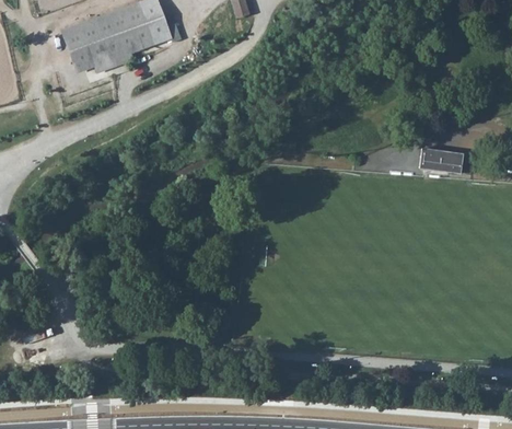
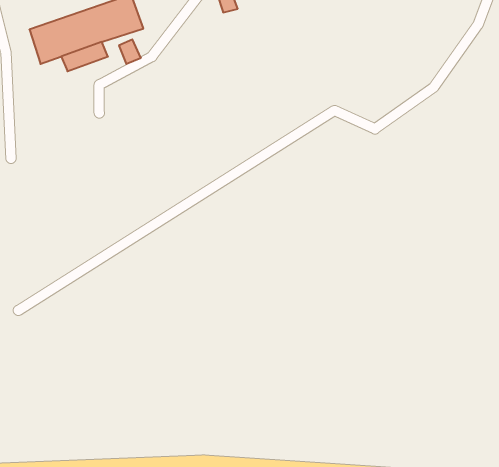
building: [418,147,459,170] -> none

